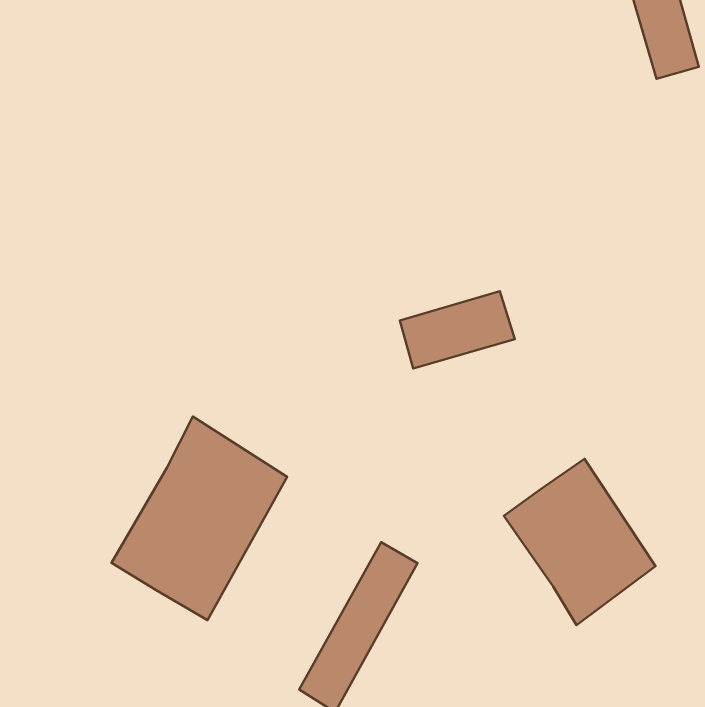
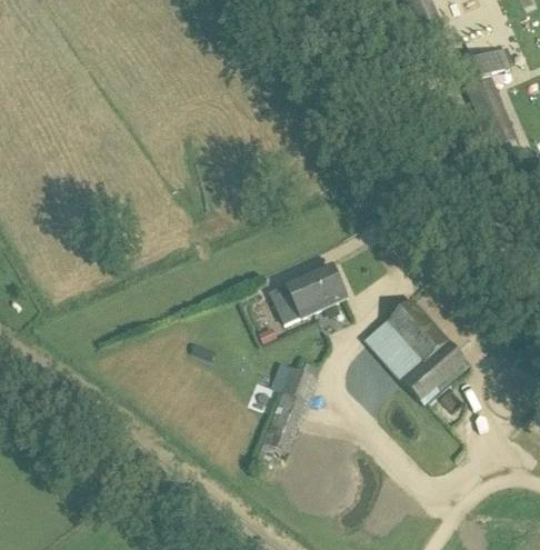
building: [400,291,515,368] -> [270,264,343,320]
building: [111,417,287,620] -> none

